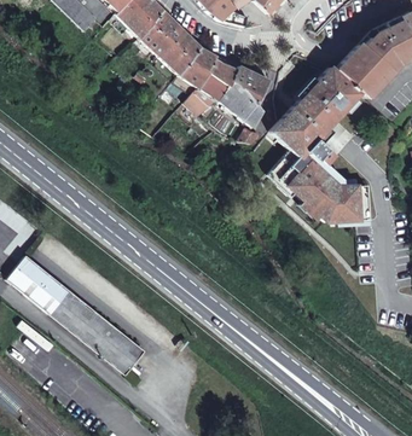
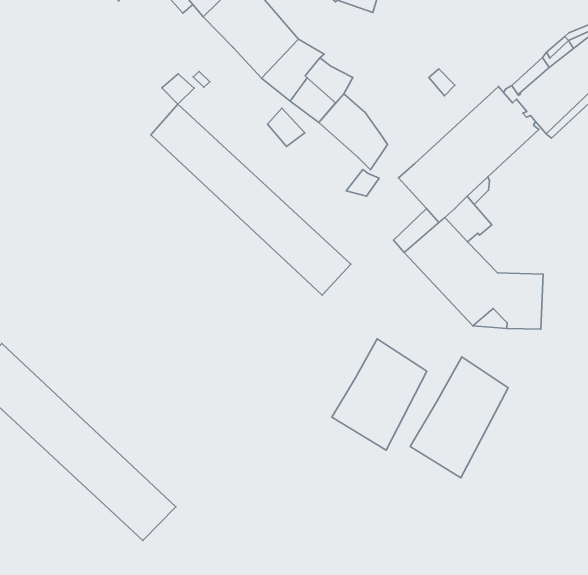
building: [232,65,269,104] -> none
building: none -> [151,104,351,295]
building: none -> [332,339,427,450]
building: none -> [410,357,508,478]

